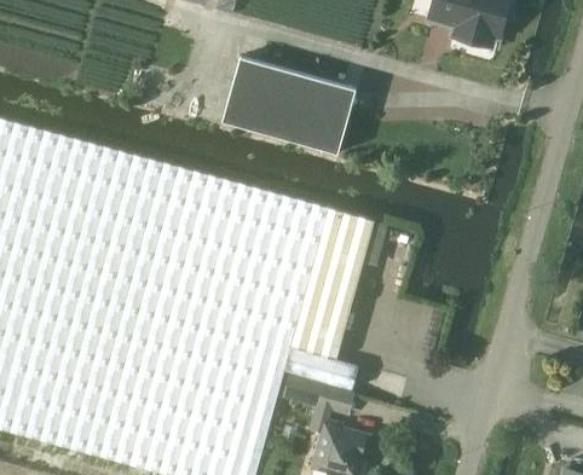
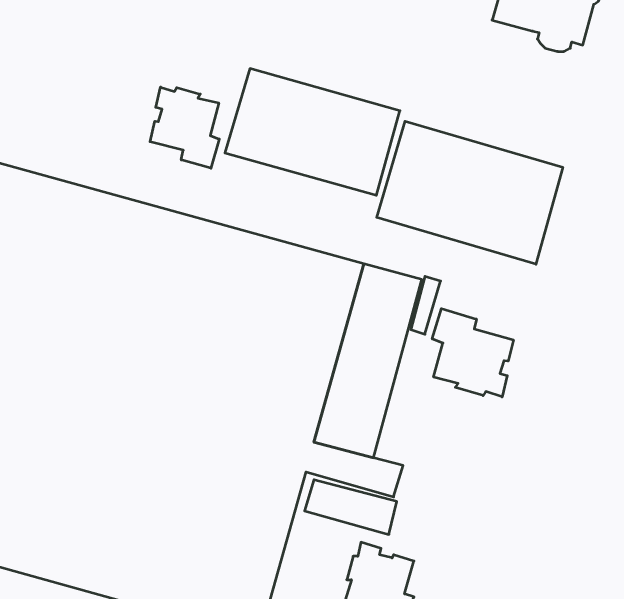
building: none -> [150,87,219,168]
building: none -> [377,121,563,264]
building: none -> [432,309,513,397]

